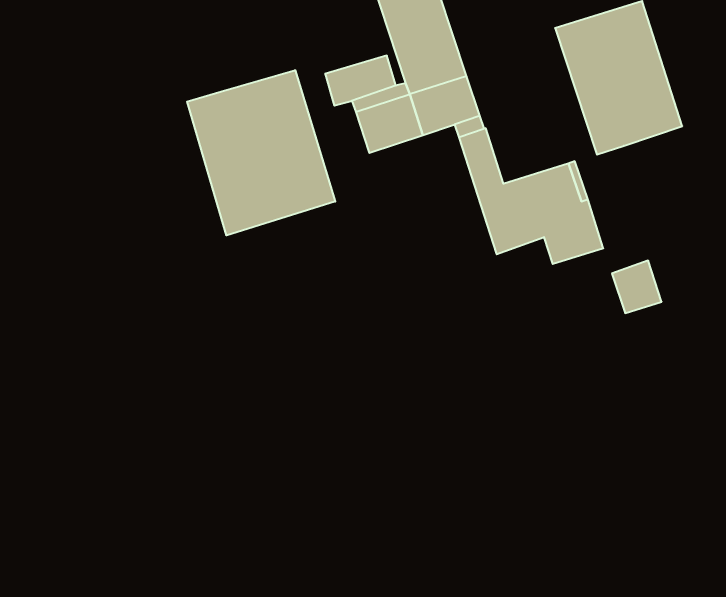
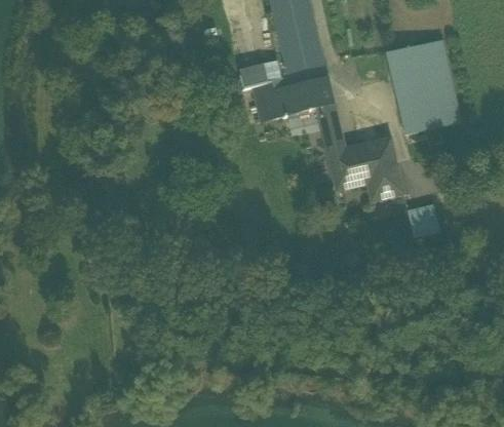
building: [187,70,335,235] -> none

